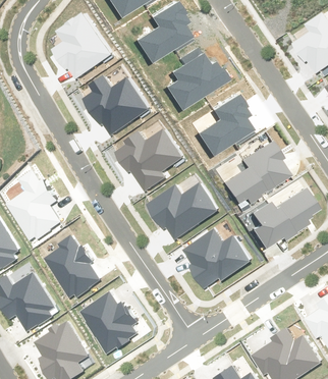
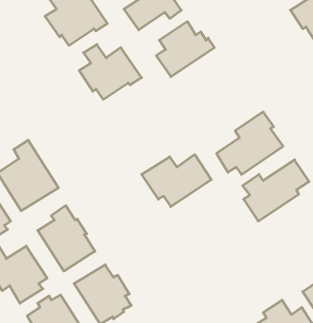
building: [193,97,248,155] -> none
building: [115,130,181,188] -> none
building: [185,230,250,286] -> none

